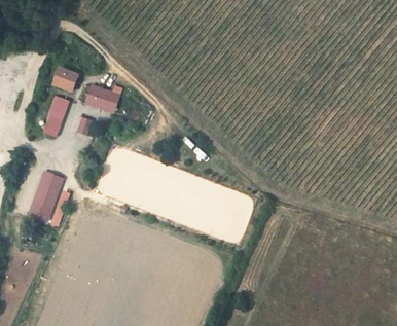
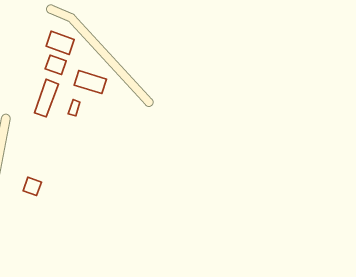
building: none -> [46,31,74,54]
building: [36,171,62,206] -> none

